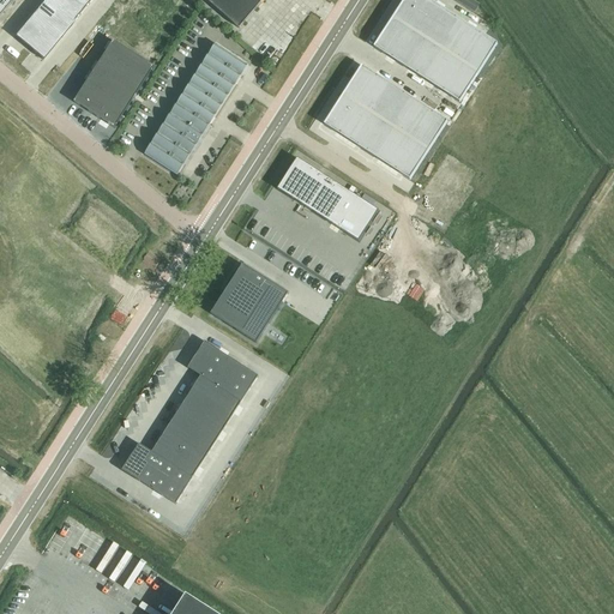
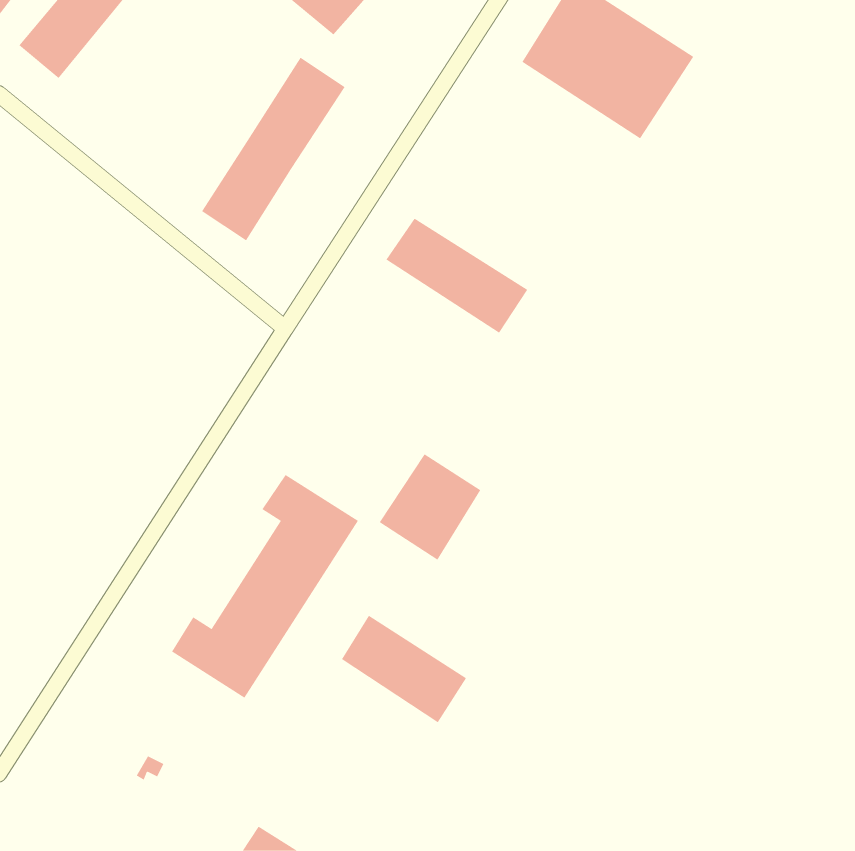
building: [73,38,154,126] -> none
building: [323,62,446,176] -> none
building: [213,264,287,341] -> [379,453,481,561]
building: none -> [341,615,467,723]

